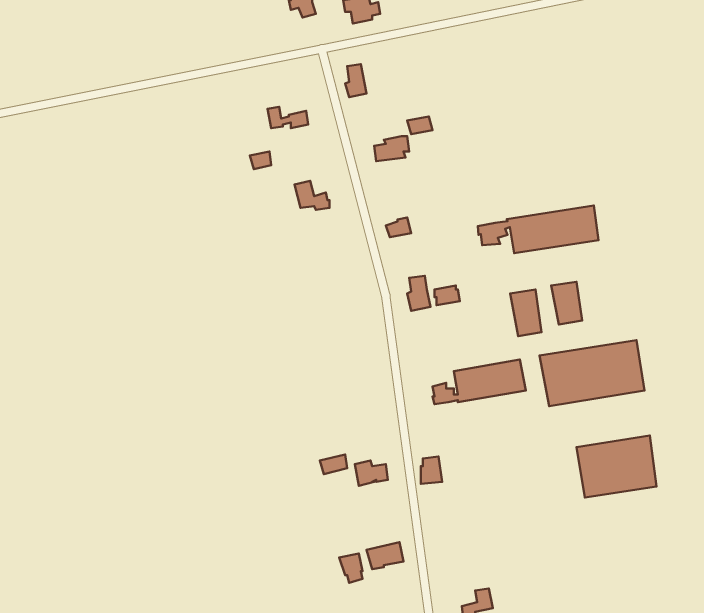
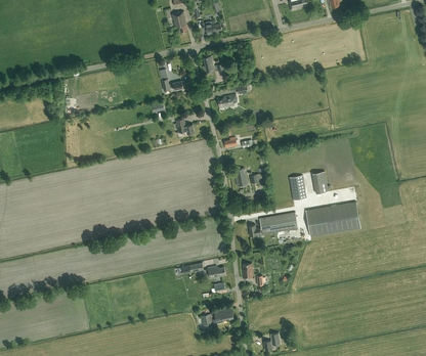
building: [478,205,599,253] -> none
building: [576,436,657,498] -> none

